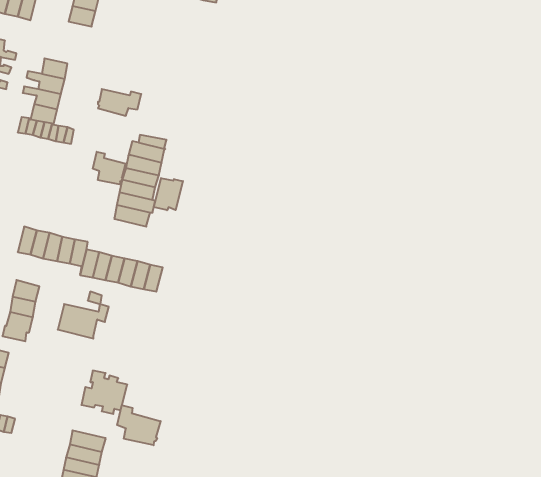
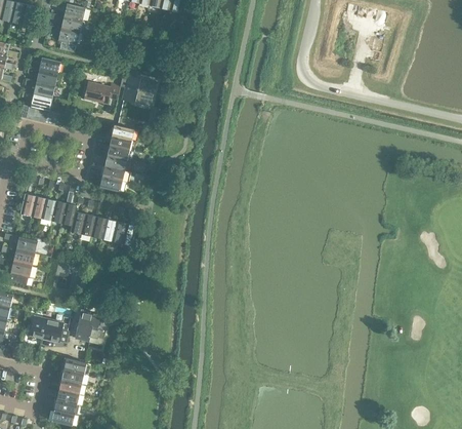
building: none -> [51,27,78,52]
building: none -> [118,74,155,107]
building: [93,152,125,184] -> none
building: [154,178,183,210] -> none
building: [58,304,109,339] -> [28,316,69,344]
building: [117,405,161,445] -> none

